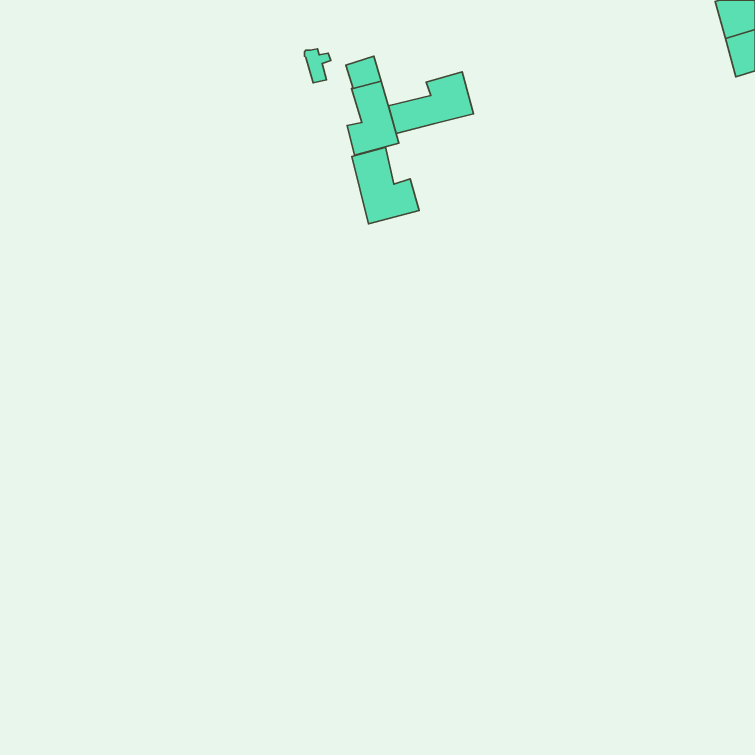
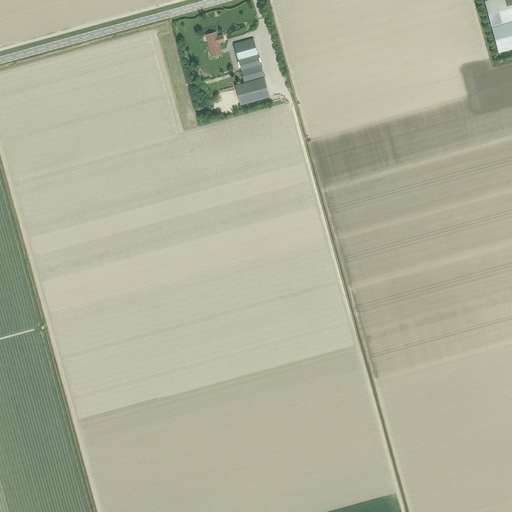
building: [388,72,473,133] -> none
building: [352,147,419,224] -> none

